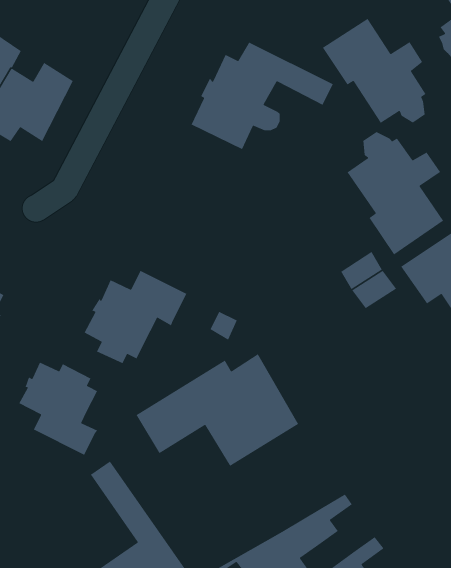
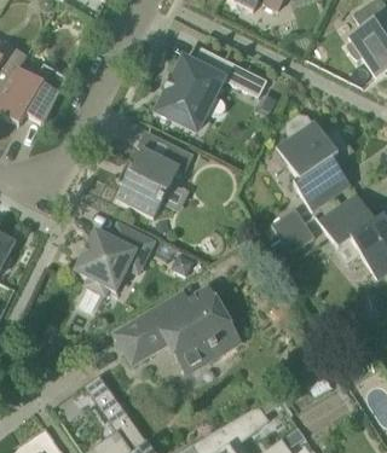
building: [322,18,426,124] -> none
building: none -> [115,143,192,217]
building: [18,361,98,456] -> none

